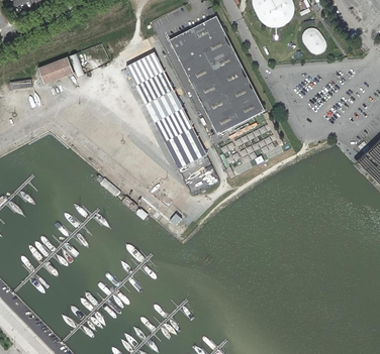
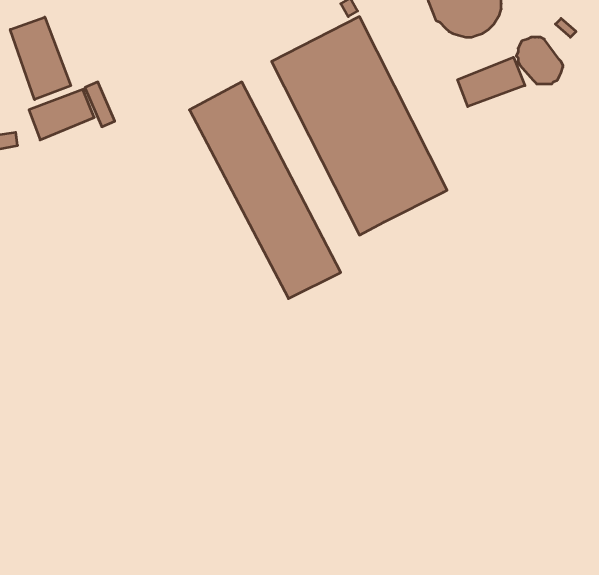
building: none -> [10,17,71,100]
building: none -> [458,57,525,107]

